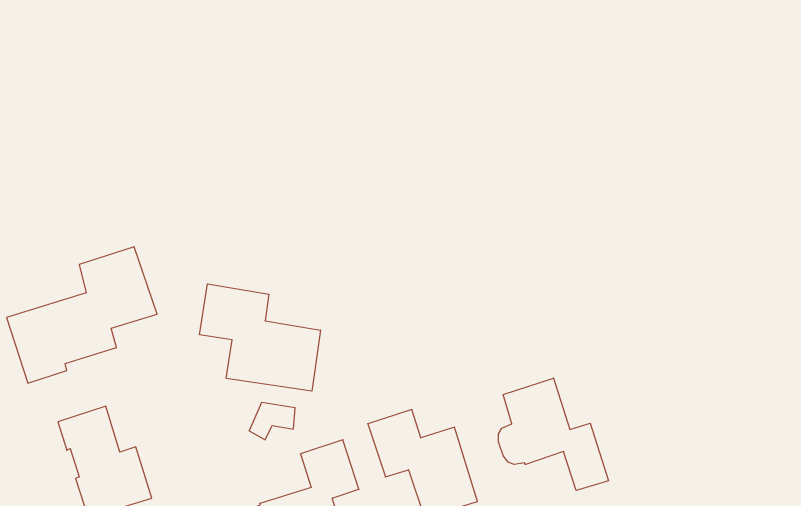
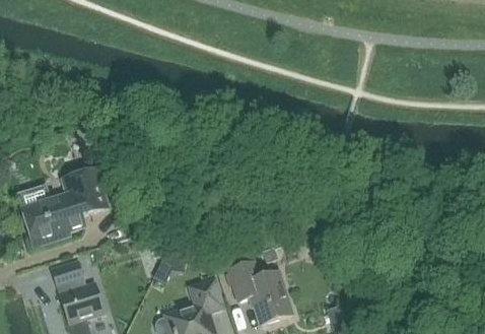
building: [200,284,320,391] -> none
building: [499,378,608,490] -> none

